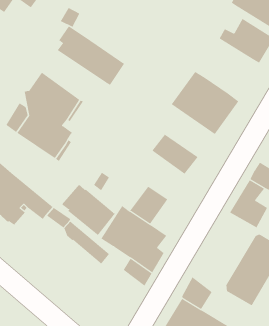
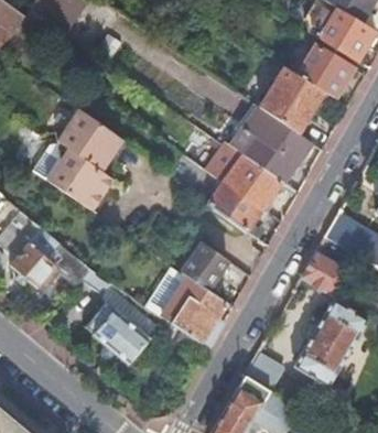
building: [57,25,125,85] -> none
building: none -> [259,67,325,134]
building: none -> [204,145,283,210]
building: [61,184,116,236] -> [85,304,150,366]

